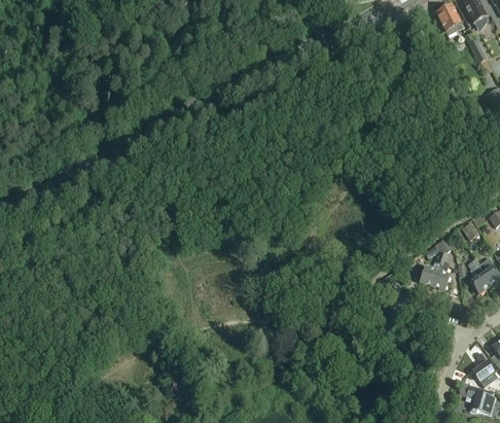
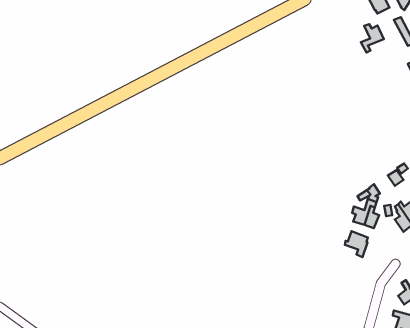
building: none -> [361,24,384,52]
building: none -> [345,231,368,257]

